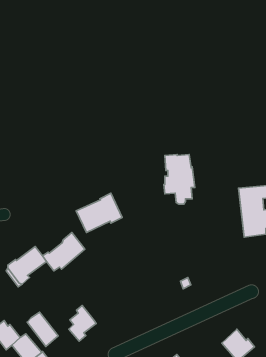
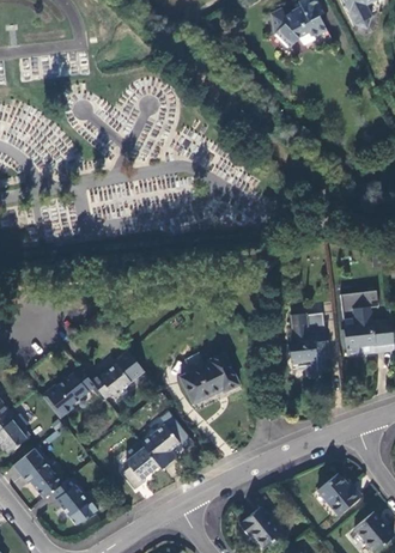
building: [164,155,195,204] -> [290,312,329,376]
building: [76,193,122,233] -> [181,353,239,403]
building: none -> [140,424,180,462]
building: [27,312,58,347] -> none

